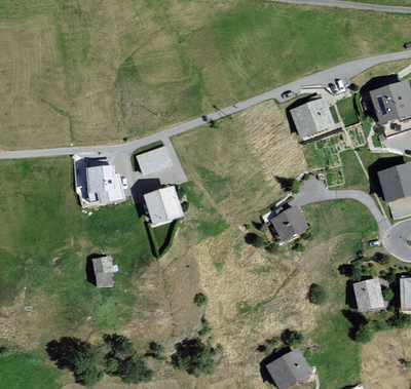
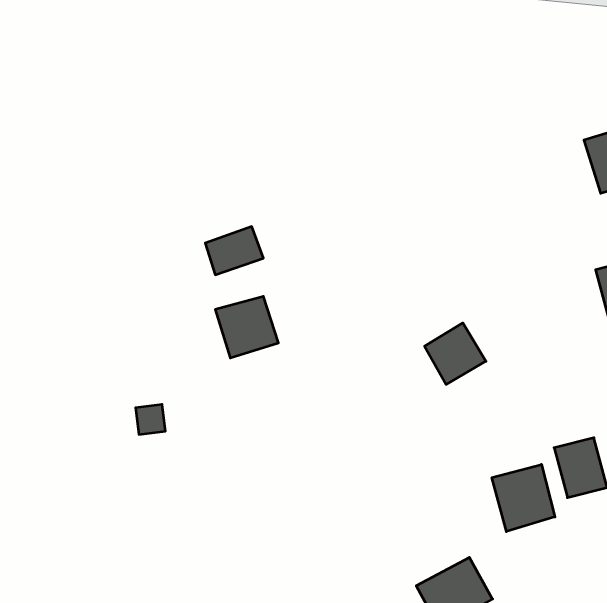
building: [290,95,335,140] -> none
building: [86,166,114,193] -> none
building: none -> [492,464,555,532]

